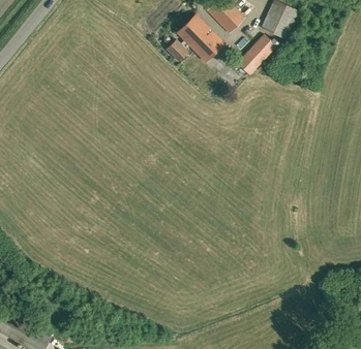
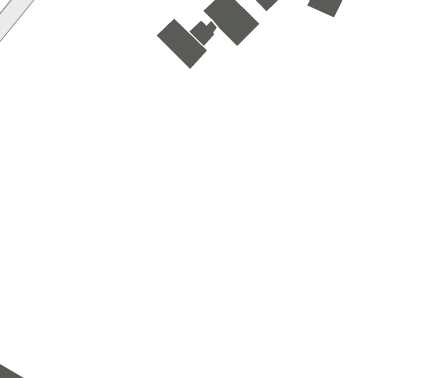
building: [237,34,278,74] -> none
building: none -> [156,18,208,70]

